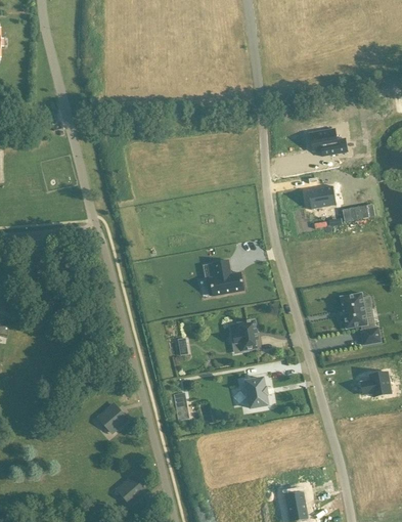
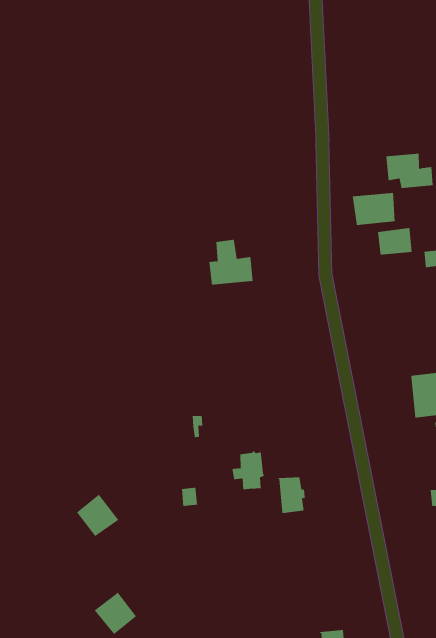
building: none -> [352,192,395,226]
building: [209,259,243,295] -> [209,239,253,285]
building: [232,319,258,349] -> [232,451,265,490]

